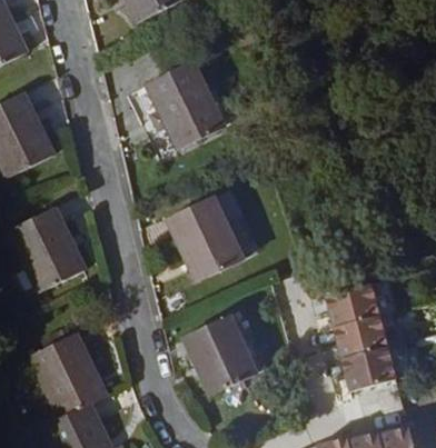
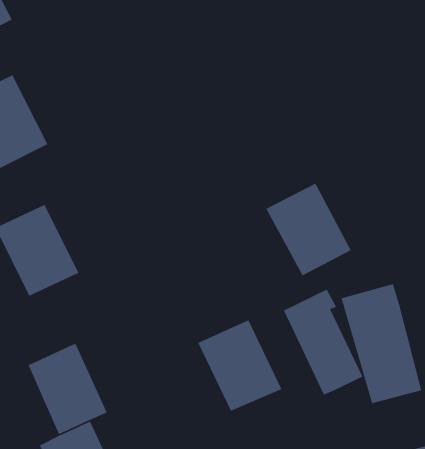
building: [146,58,224,145] -> none
building: [166,195,244,279] -> [265,182,352,276]
building: none -> [283,289,363,396]

